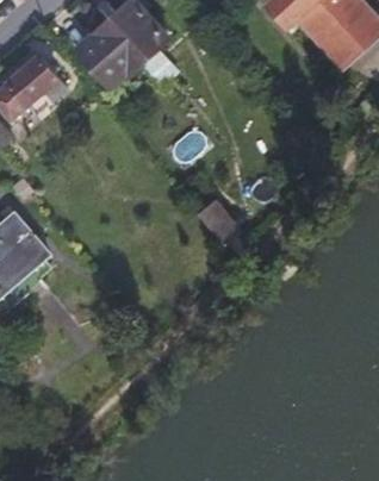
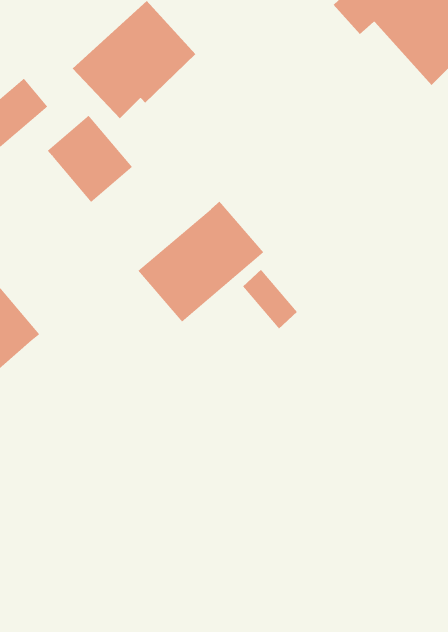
building: none -> [47,115,133,203]
building: none -> [137,201,264,323]

